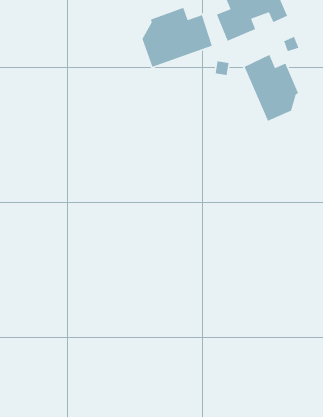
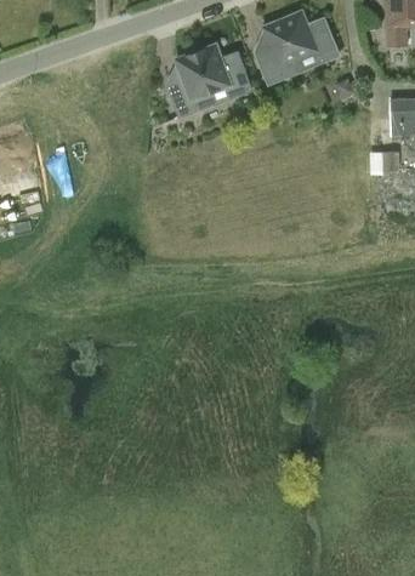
building: [243,54,299,122] -> none

